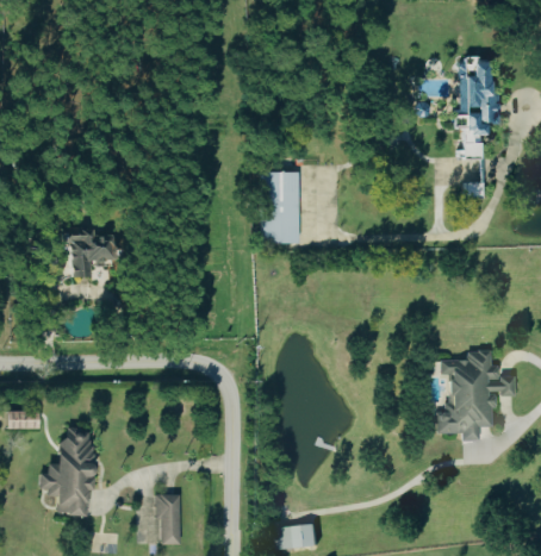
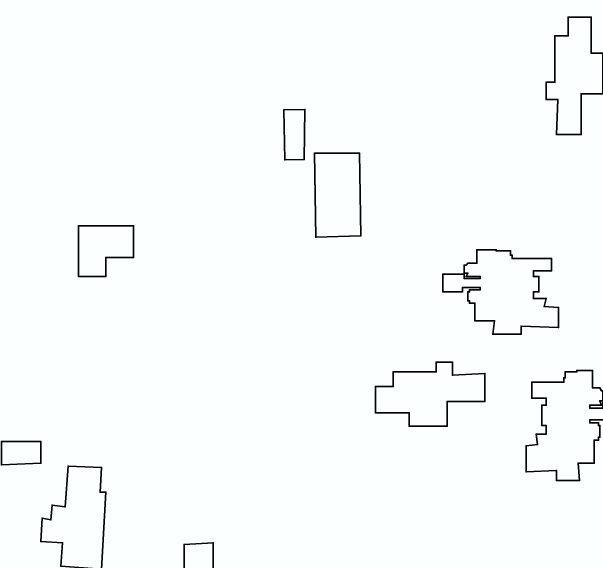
building: none -> [284,110,305,160]
building: none -> [443,250,559,334]
building: none -> [376,362,485,426]

